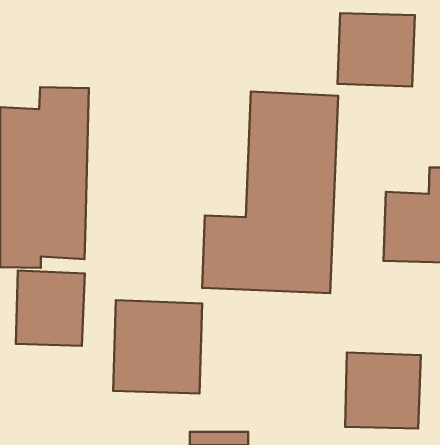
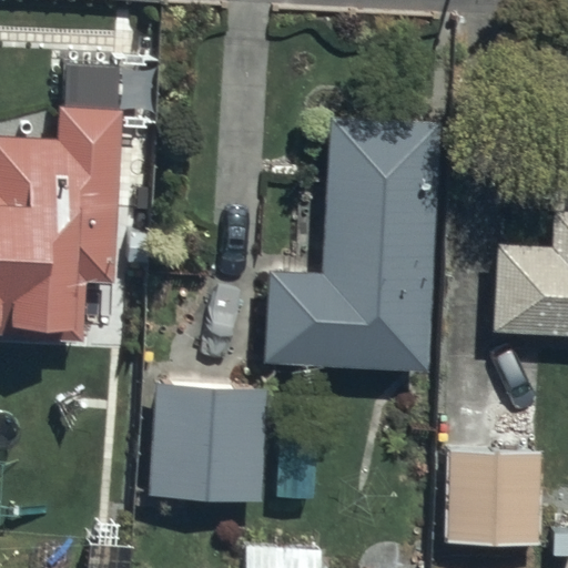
building: [337,13,415,87] -> none
building: [16,271,85,346] -> none

